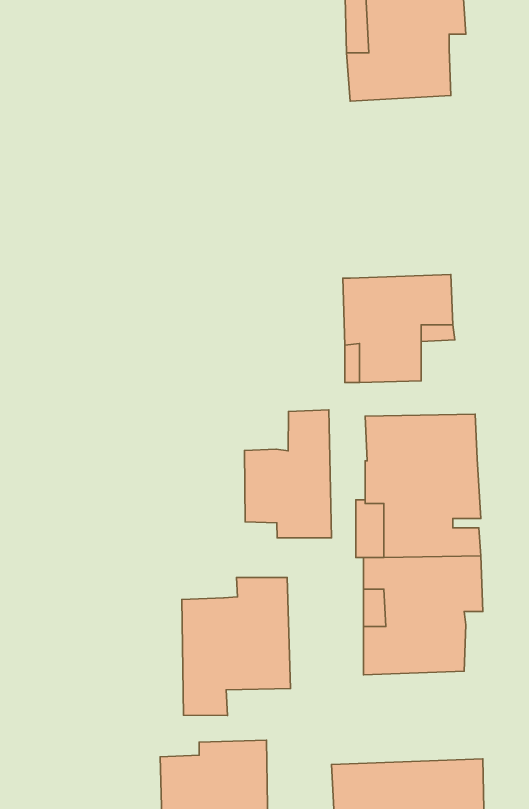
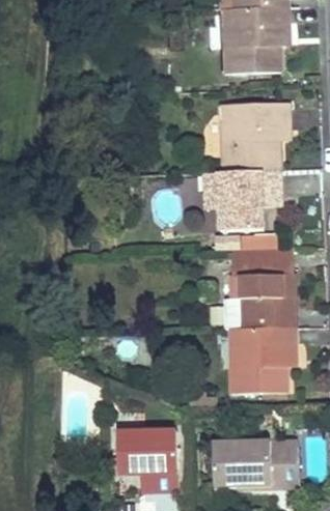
building: none -> [221,101,290,171]
building: [245,410,331,538] -> none
building: [182,577,291,715] -> none

